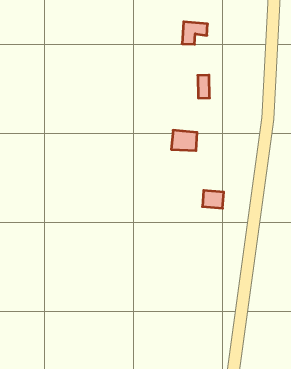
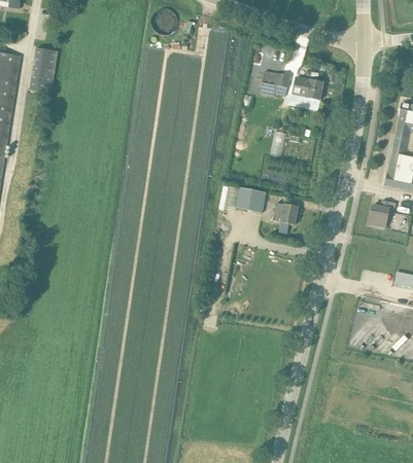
building: none -> [292,76,323,99]
building: [202,190,224,208] -> [273,202,298,223]

